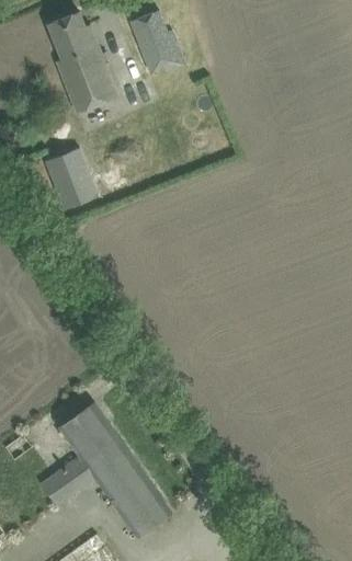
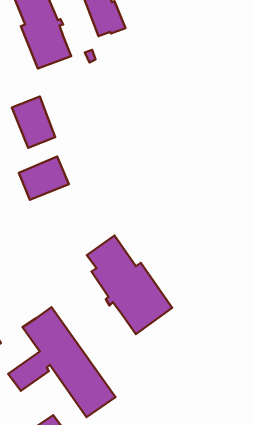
building: none -> [19,156,69,200]
building: none -> [87,236,172,334]

